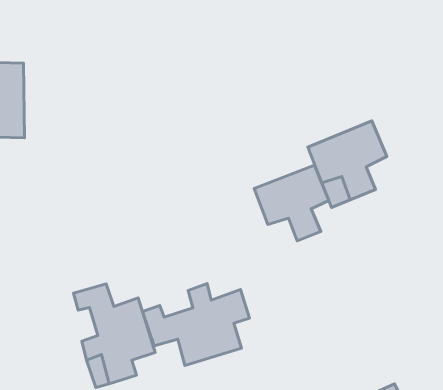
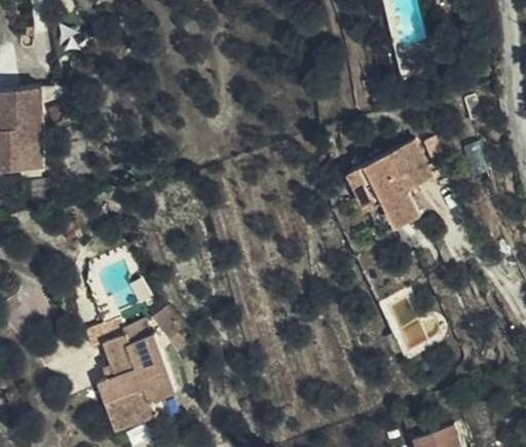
building: [254,165,329,241] -> none
building: [143,284,249,366] -> none

